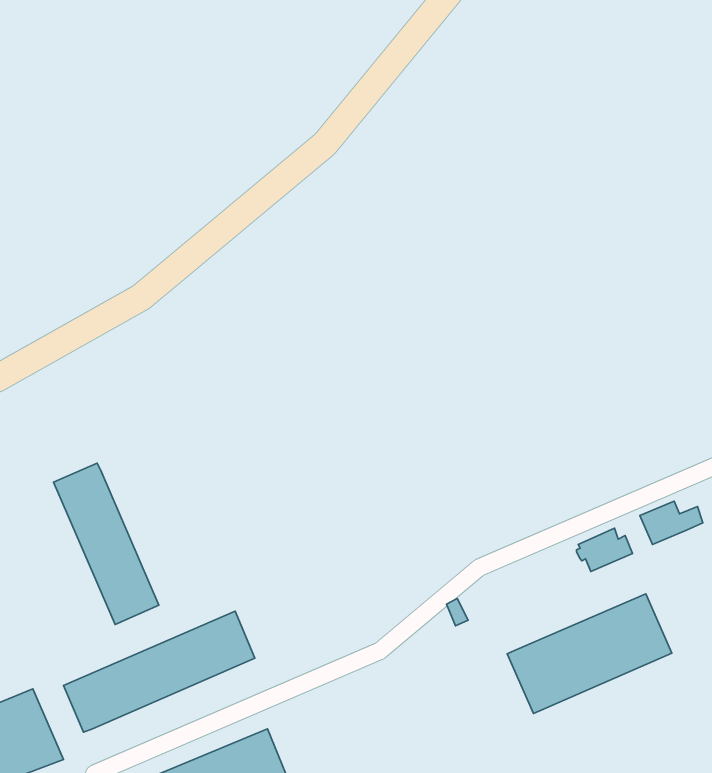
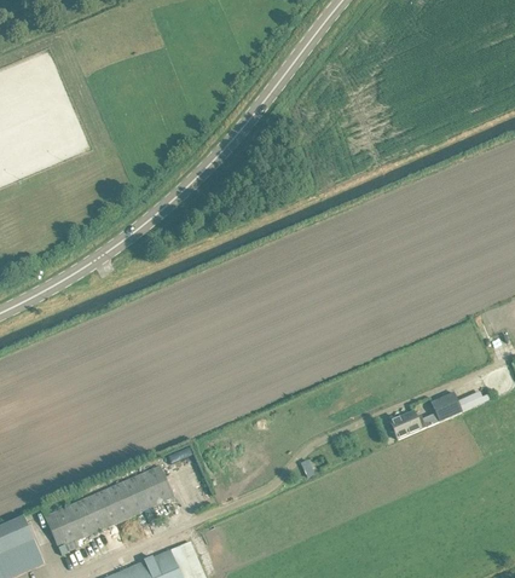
building: [54,463,159,624] -> none
building: [507,594,672,713] -> none

